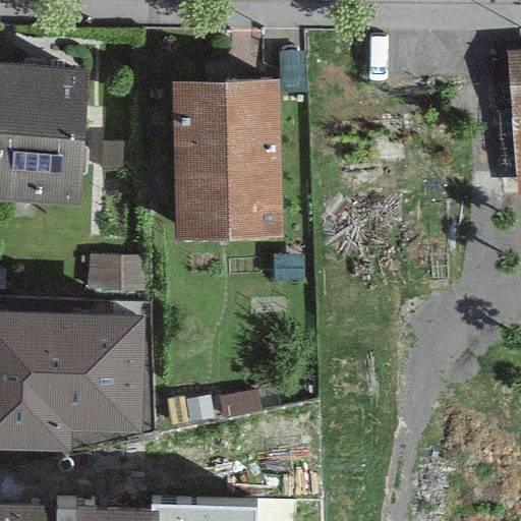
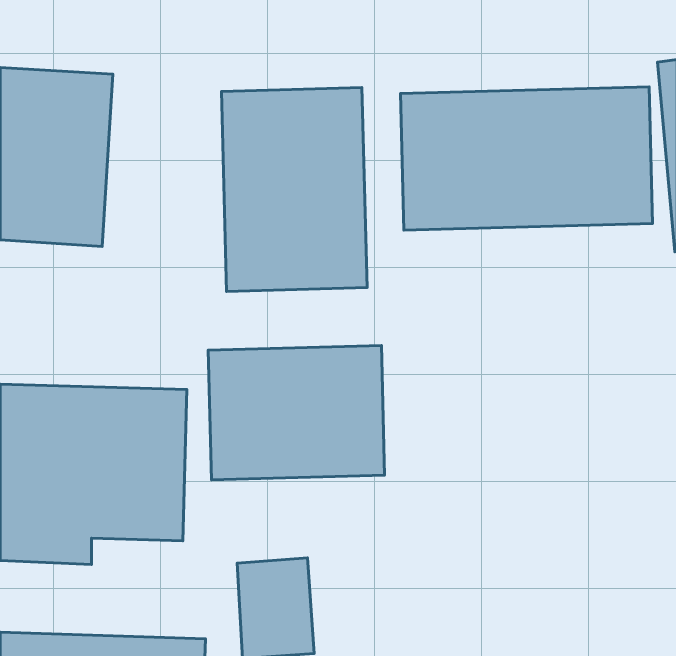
building: none -> [401,87,652,230]
building: none -> [208,346,385,480]

